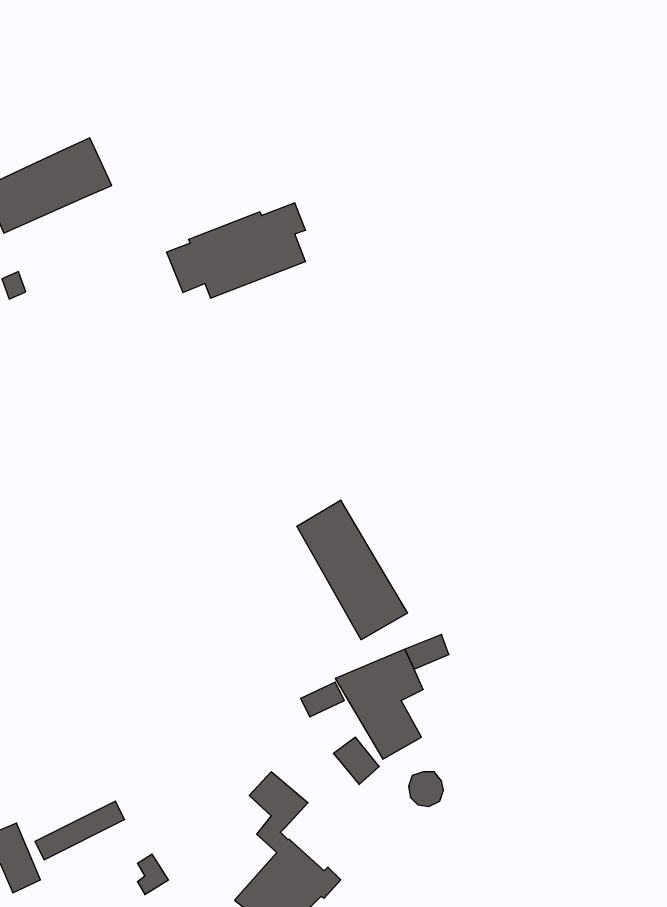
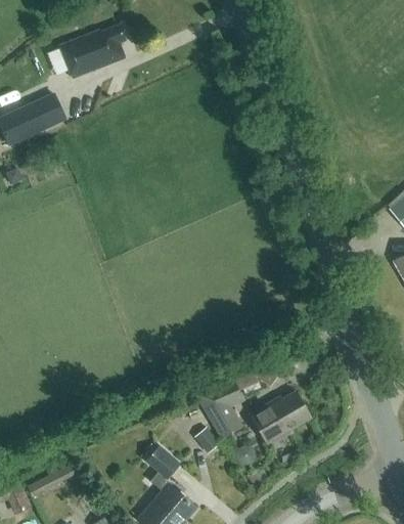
building: [166,203,306,298] -> [47,25,125,78]
building: [297,500,407,640] -> none
building: none -> [255,391,310,444]

